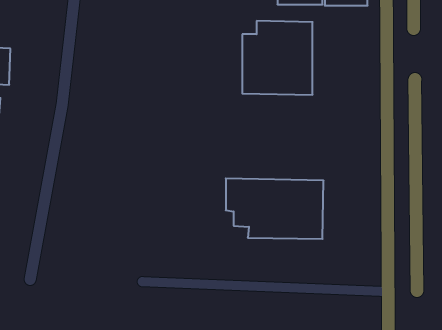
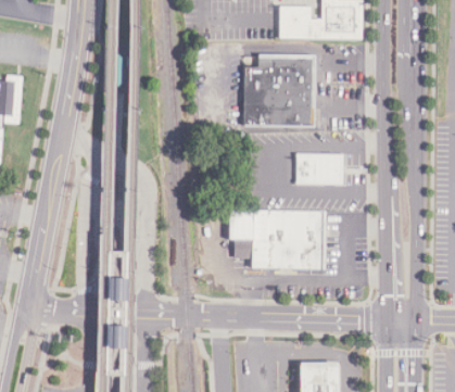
building: none -> [293,153,343,185]

